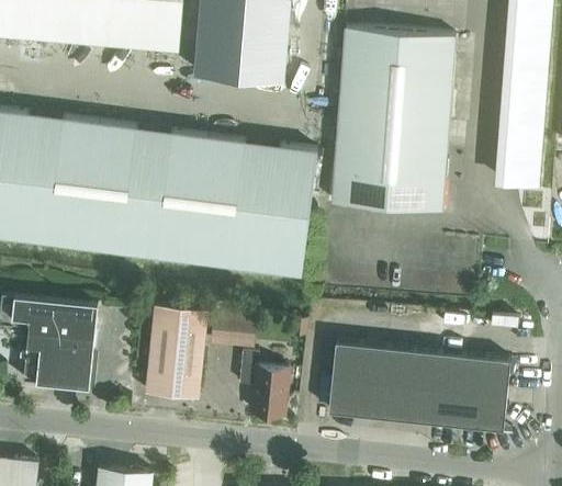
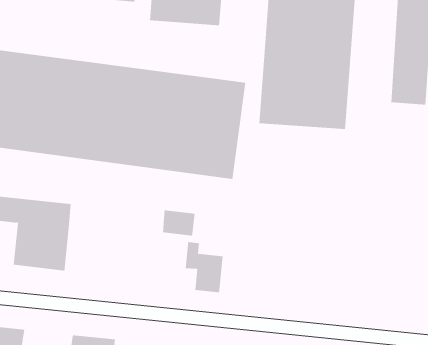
building: [145,308,207,400] -> none
building: [328,344,509,432] -> none

